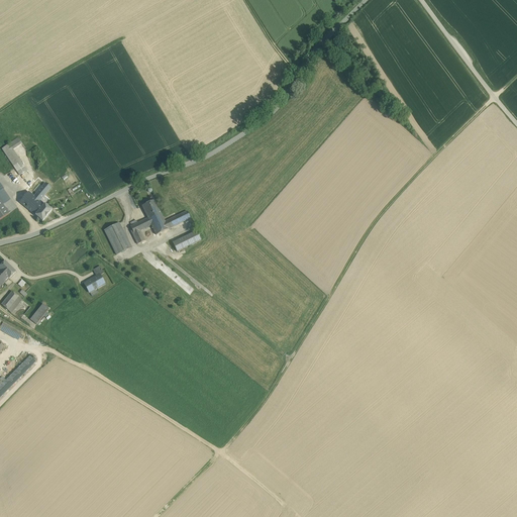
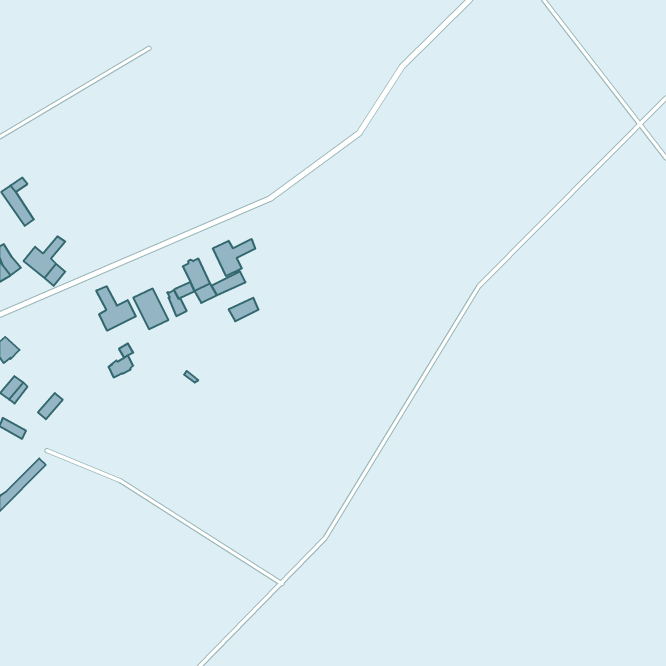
building: none -> [213,239,255,276]
building: none -> [96,286,136,331]

